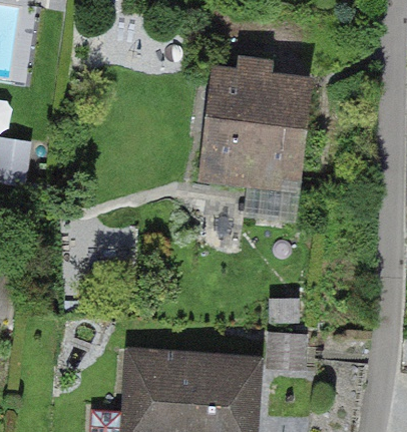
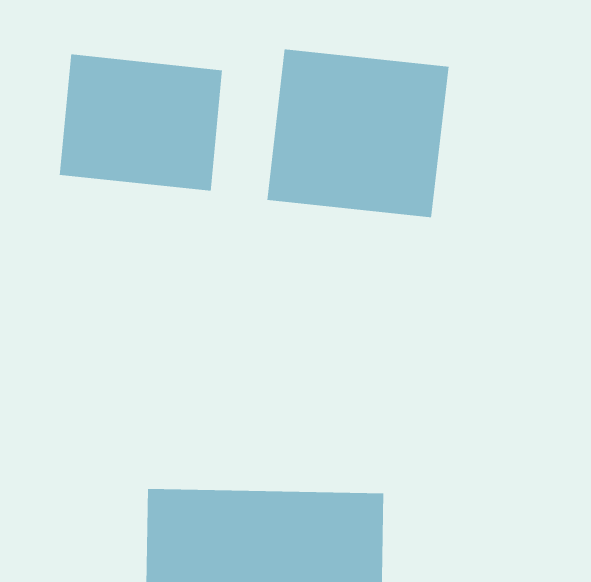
building: none -> [59,54,223,192]

